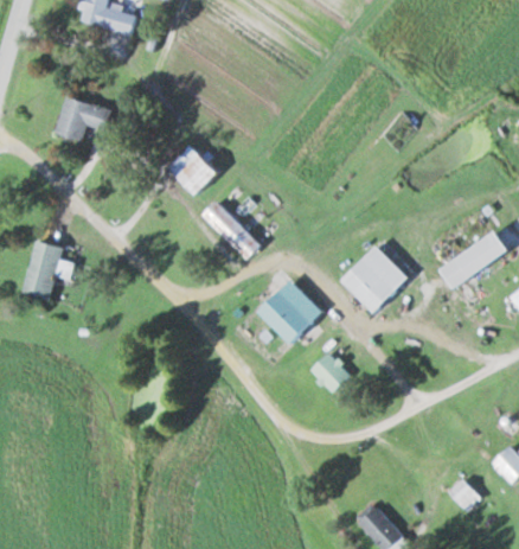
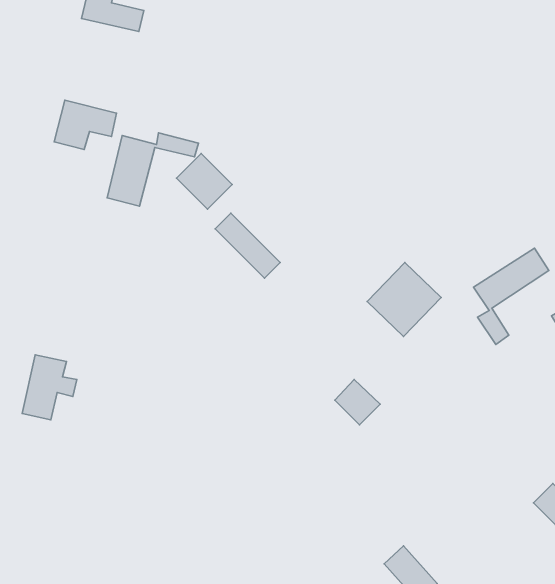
building: none -> [107,133,199,206]
building: [23,240,72,299] -> [22,355,77,420]
building: [256,277,321,344] -> none
building: [448,479,481,512] -> none

